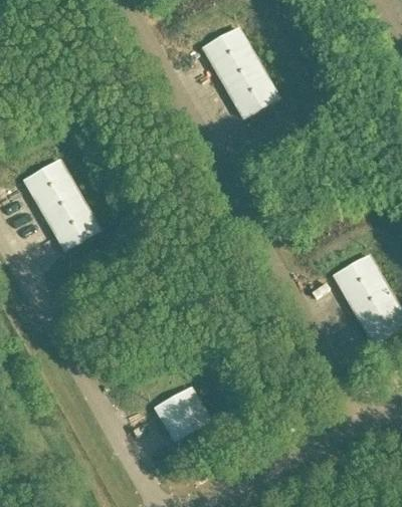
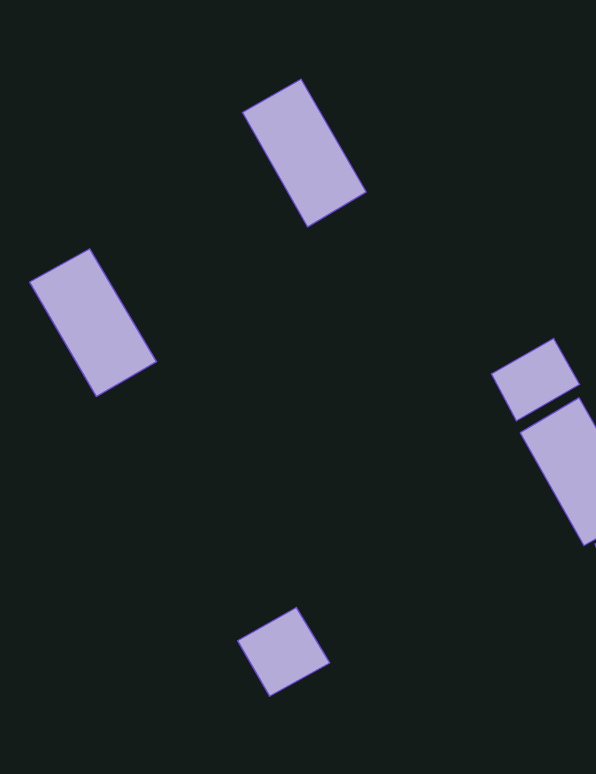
building: [202,26,280,119] -> [242,79,366,227]
building: none -> [492,338,580,421]

